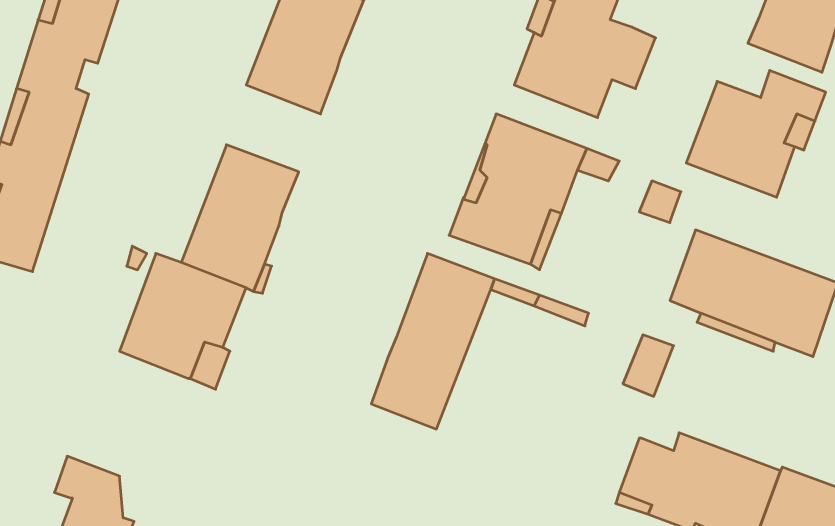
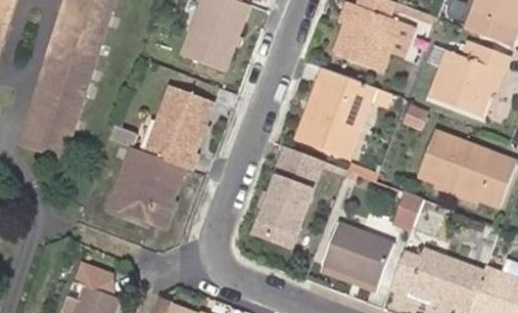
building: none -> [327,226,394,285]

